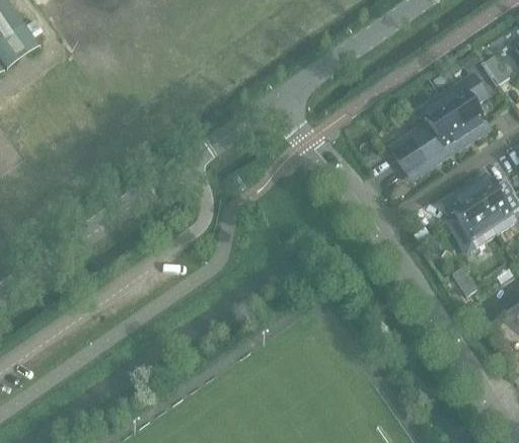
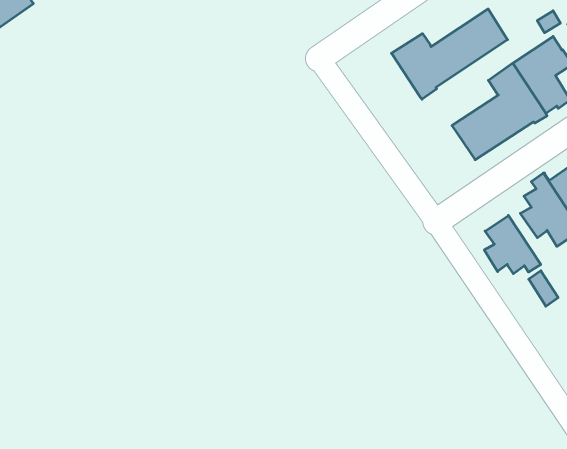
building: none -> [391,9,508,99]
building: none -> [484,215,541,274]

